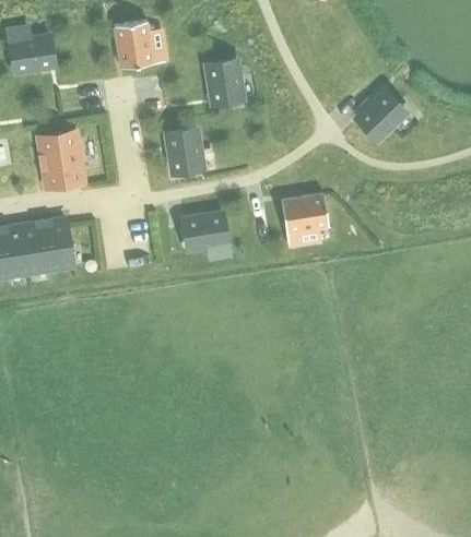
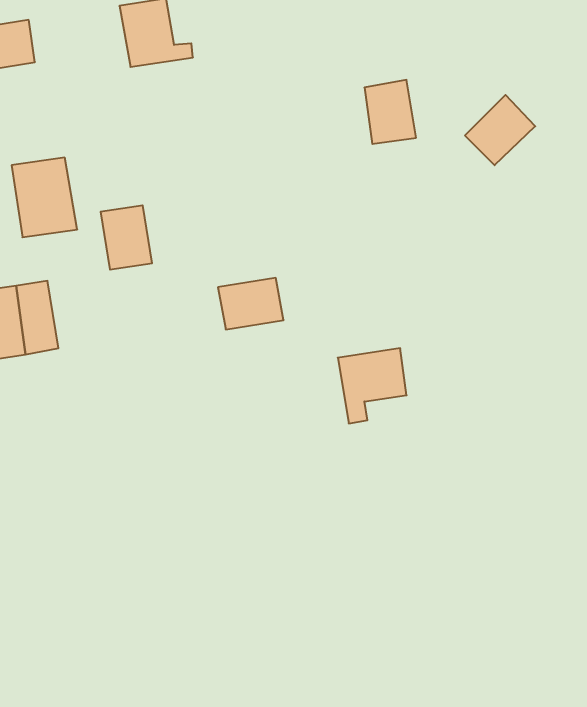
building: [207,57,243,102] -> [364,80,416,144]
building: [166,127,202,171] -> [101,205,152,270]
building: [281,198,329,250] -> [338,348,407,423]

